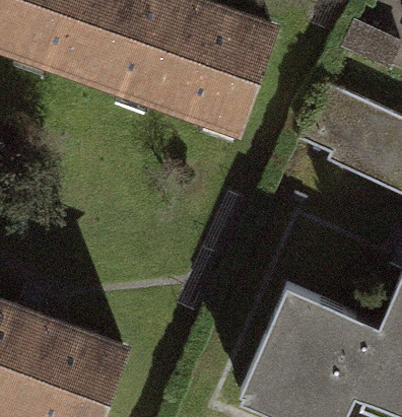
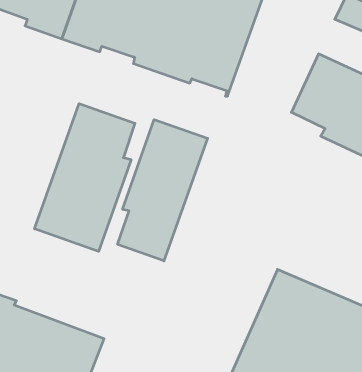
building: none -> [35,104,135,251]
building: none -> [118,120,208,261]

